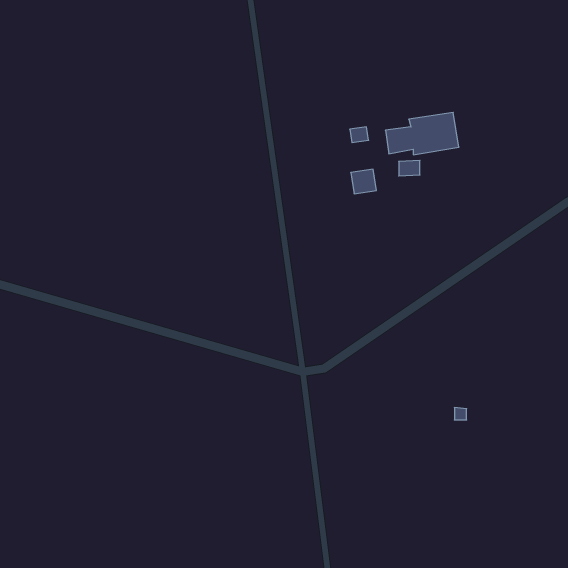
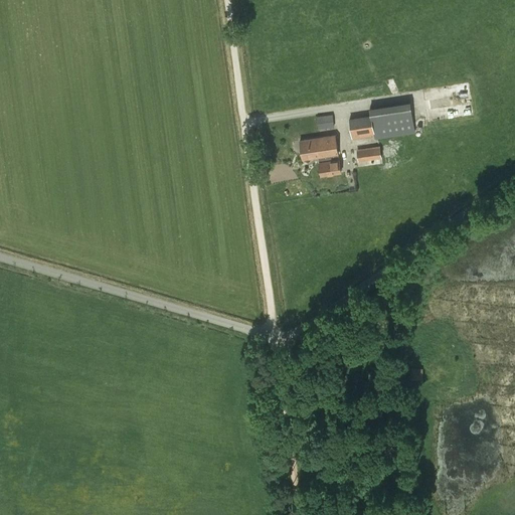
building: none -> [299,137,337,159]

